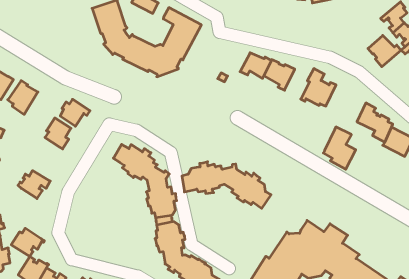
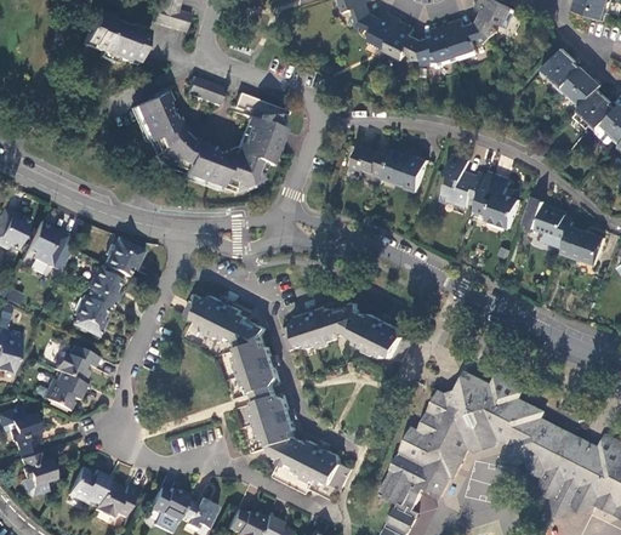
building: [368,35,401,67] -> none
building: [323,127,356,169] -> [474,172,519,230]
building: none -> [72,294,107,336]
building: [11,228,44,256] -> [42,371,89,410]

